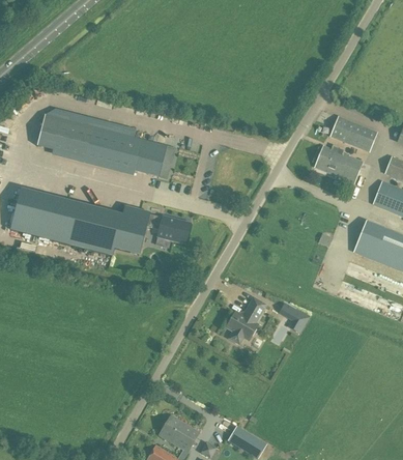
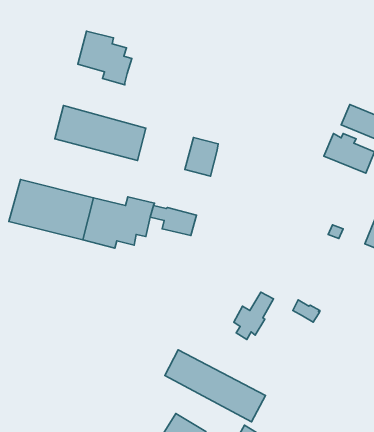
building: none -> [78,31,132,85]
building: [37,113,62,149] -> none
building: [134,139,166,176] -> [185,137,218,176]
building: none -> [165,350,266,422]

